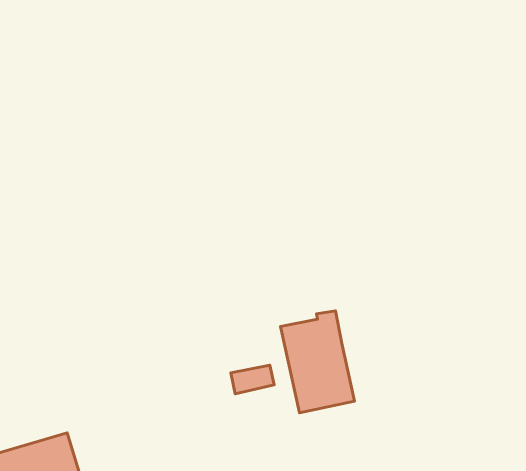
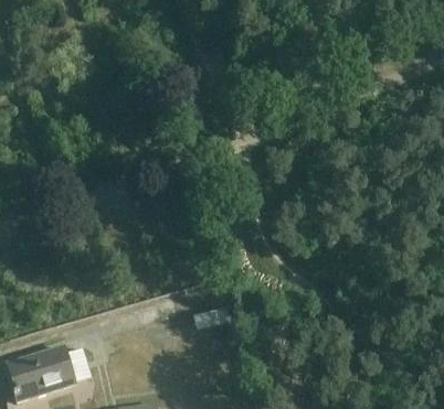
building: [280,311,355,413] -> none

